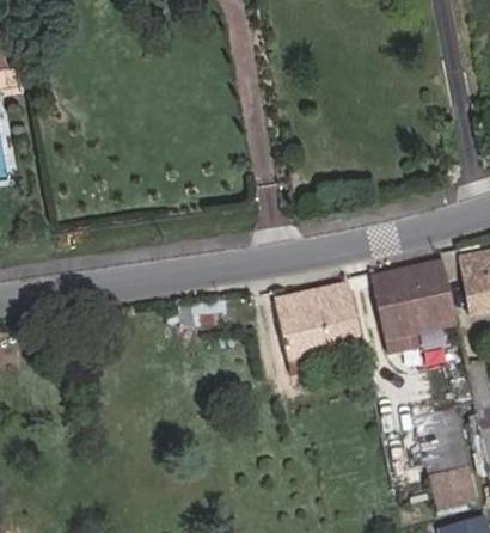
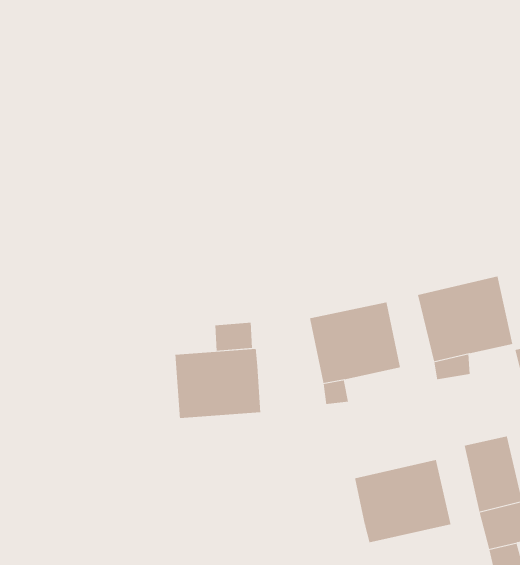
building: none -> [175,348,261,419]
building: none -> [355,459,451,543]

